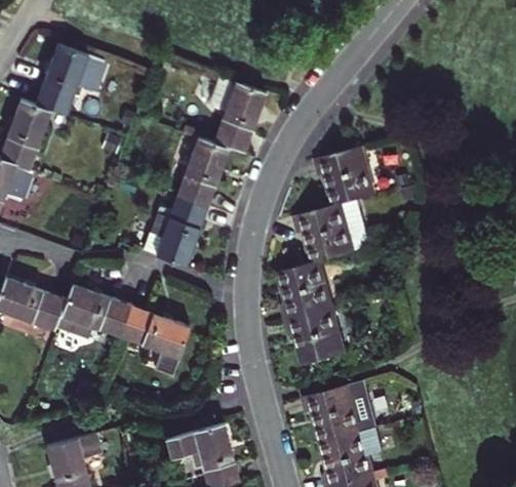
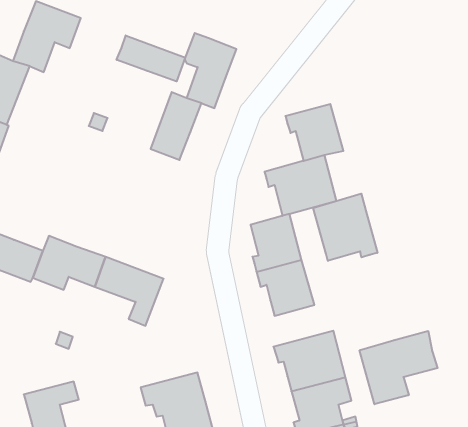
building: none -> [117,35,185,81]
building: [144,195,207,265] -> none
building: none -> [313,194,377,261]
building: none -> [360,331,438,404]

